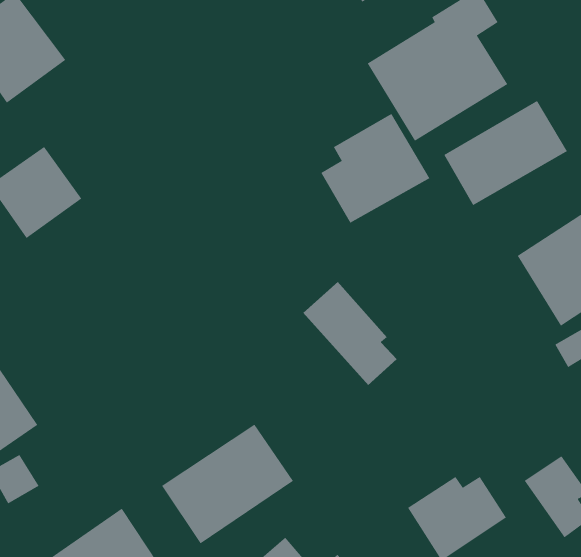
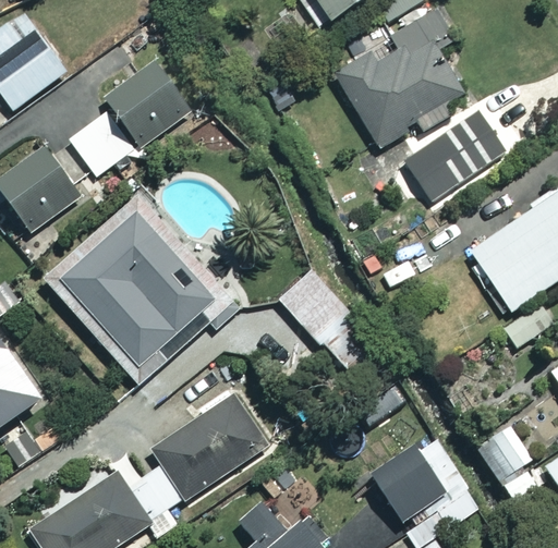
building: none -> [105,59,194,147]
building: none -> [69,113,133,178]
building: [321,113,430,223] -> none
building: none -> [45,195,233,385]

